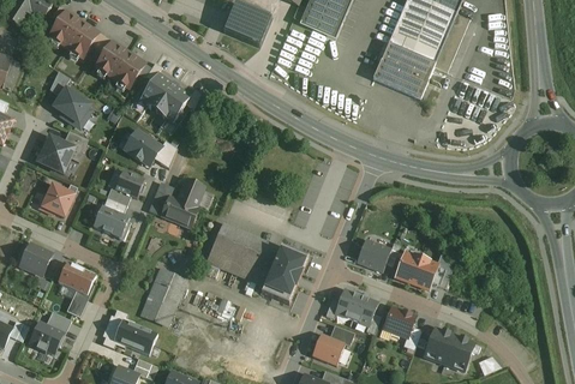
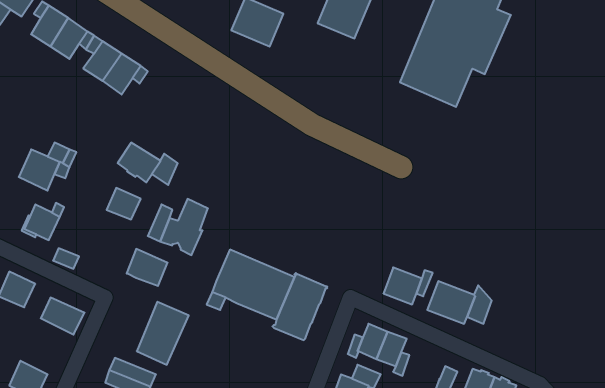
building: [139,71,191,121] -> none
building: [56,89,90,126] -> none
building: [92,204,128,236] -> [127,249,168,286]
building: [383,307,414,337] -> none

